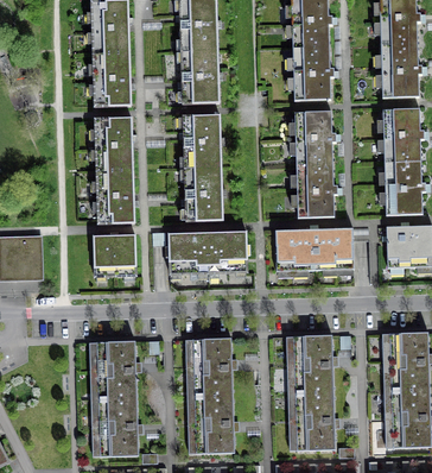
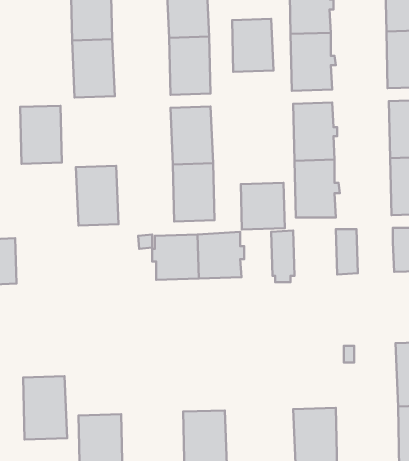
building: none -> [232,19,273,72]
building: [94,116,132,170] -> [20,106,62,164]
building: [294,227,335,270] -> [241,183,285,229]
building: [93,233,135,276] -> none
building: [293,334,333,392] -> none
building: [192,336,231,395] -> none
building: [96,340,136,398] -> [23,376,67,439]

